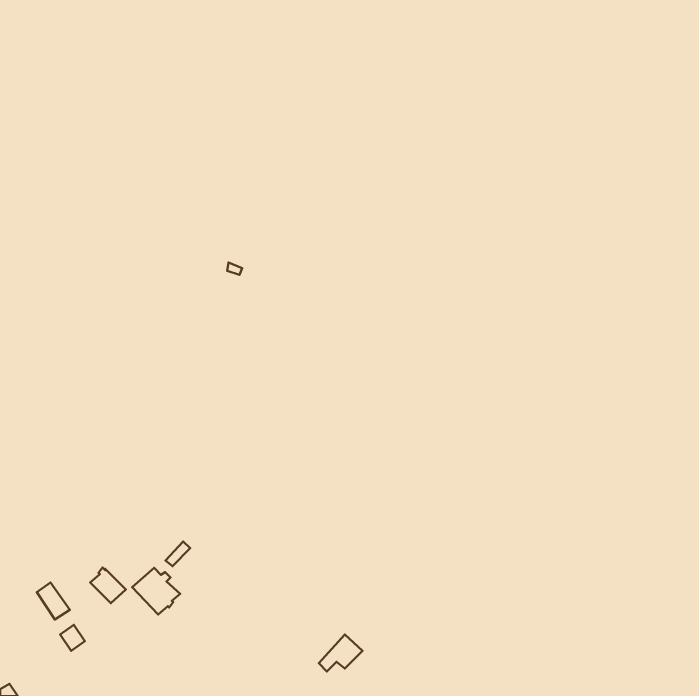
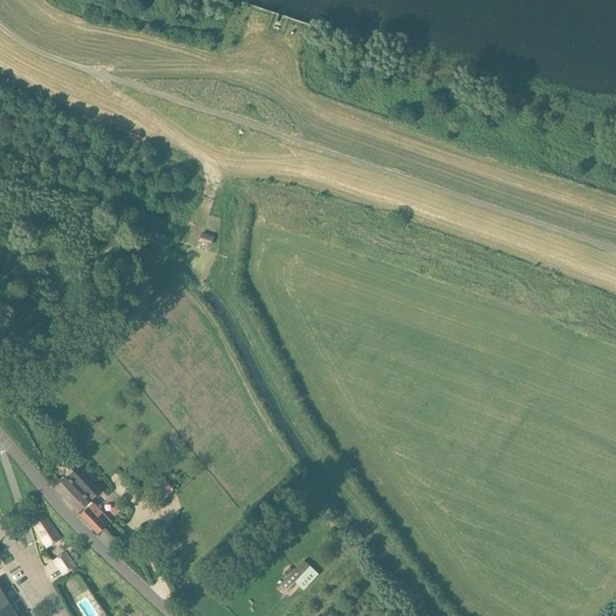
building: [132,568,180,614] -> [54,469,96,510]

